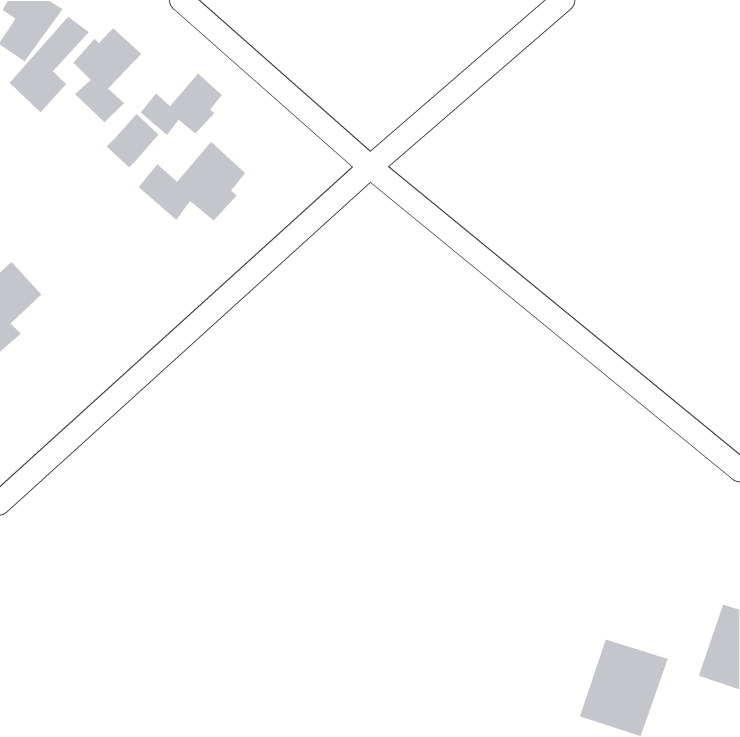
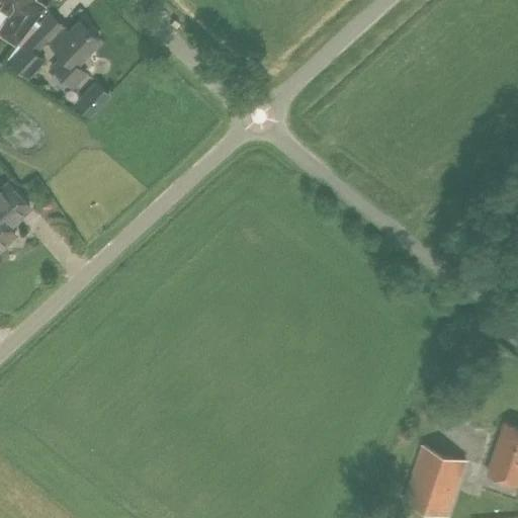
building: [139,72,223,136] -> none
building: [137,141,246,221] -> none

